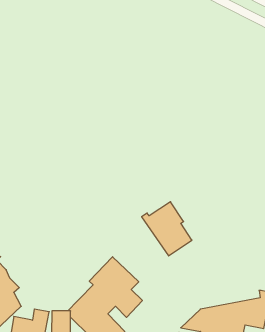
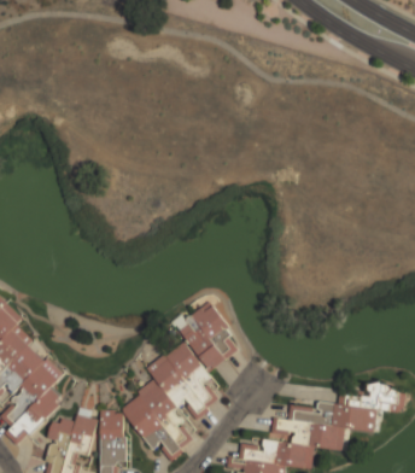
building: [142,202,192,256] -> [173,302,238,372]

